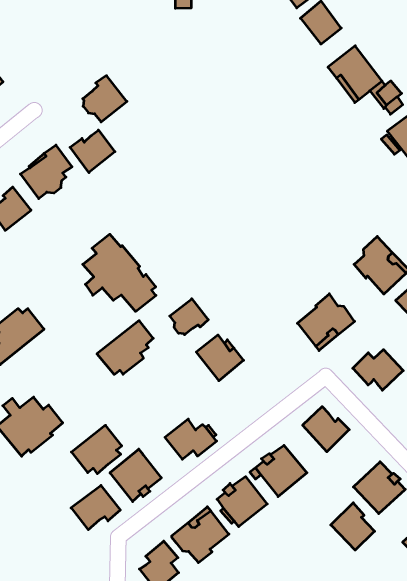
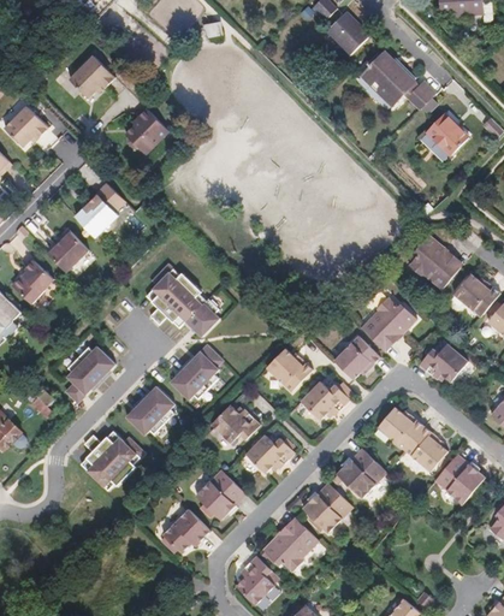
building: none -> [69,55,114,97]
building: [70,130,115,173] -> none
building: [170,299,208,335] -> none
building: none -> [332,334,379,379]
building: none -> [300,380,351,420]
building: none -> [209,404,259,443]
building: [71,425,122,474] -> [125,385,173,433]
building: [331,503,375,550] -> [403,425,446,470]

